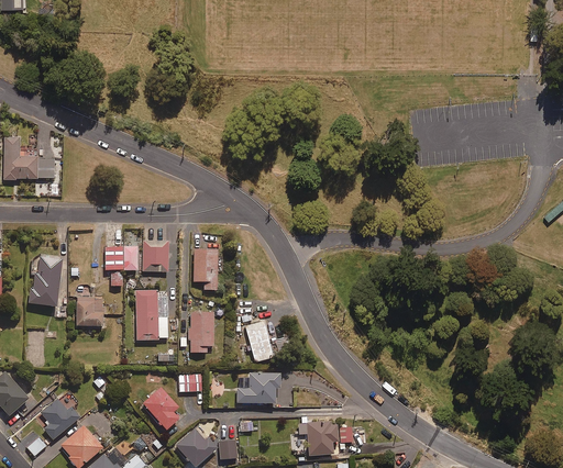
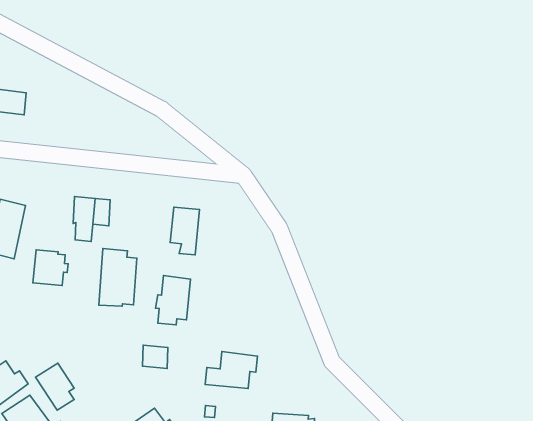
building: [142,241,168,272] -> none
building: [245,321,271,363] -> none
building: [143,387,179,428] -> [35,363,74,410]

